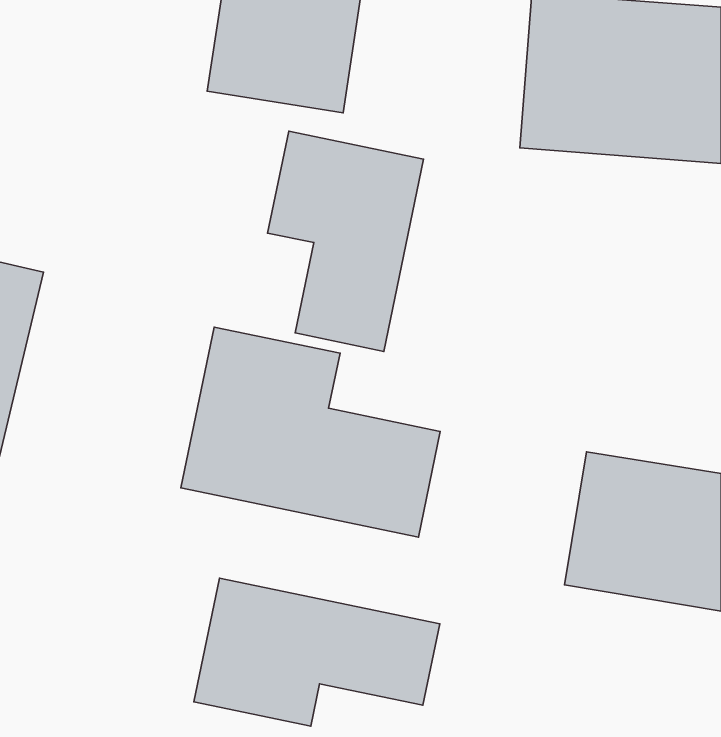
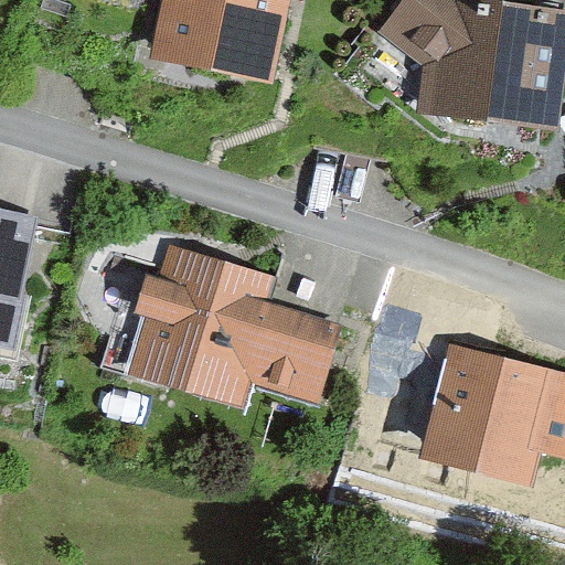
building: [268,131,424,351] -> none
building: [194,578,440,726] -> none

